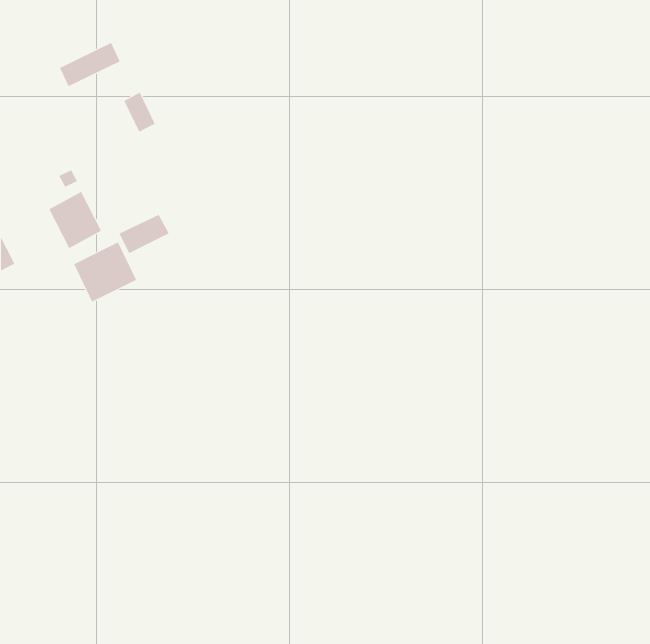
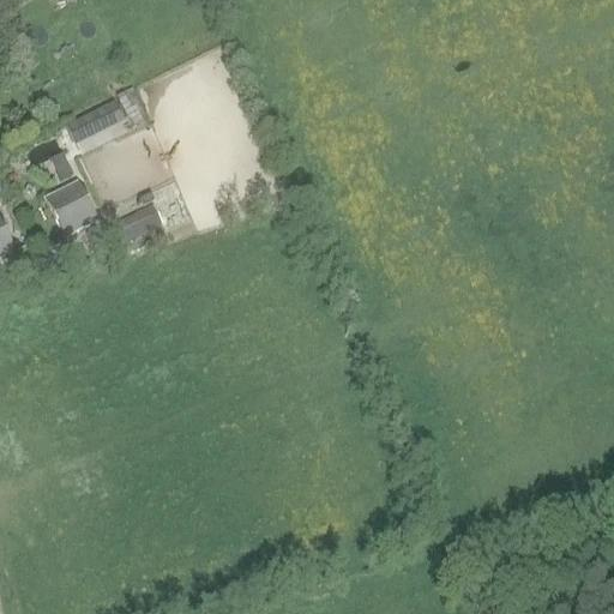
building: [59,42,120,87] -> [66,100,124,142]
building: [73,242,137,303] -> none

